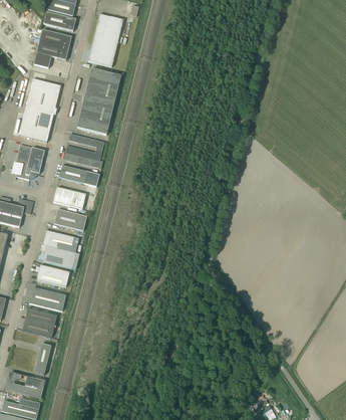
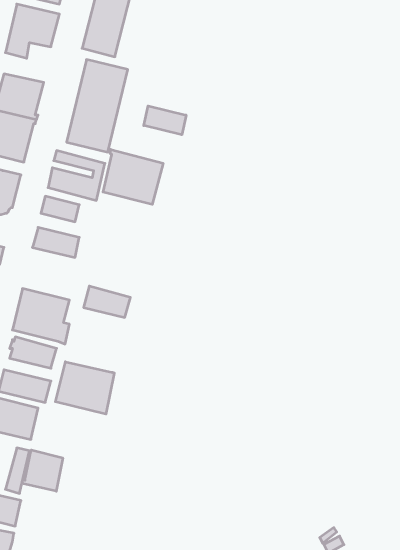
building: none -> [144,106,186,135]
building: none -> [103,149,163,204]
building: [54,208,87,230] -> [84,286,130,317]
building: none -> [55,362,114,414]
building: none -> [22,450,63,491]

